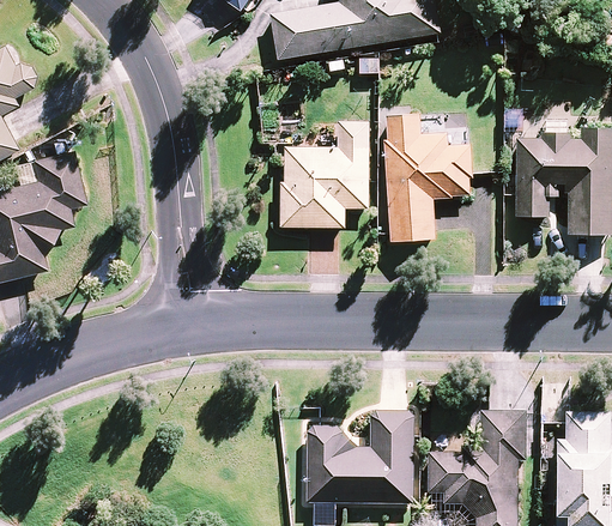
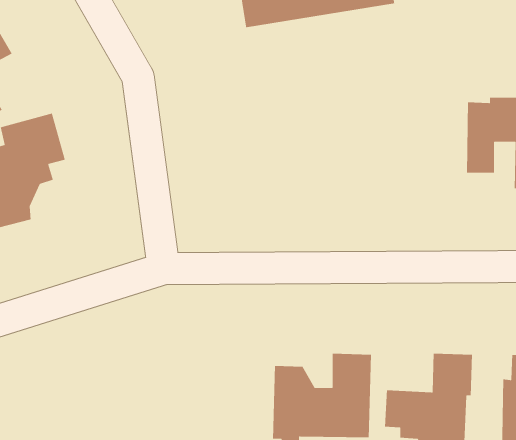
building: [387,116,471,241] -> none
building: [281,122,371,229] -> none

